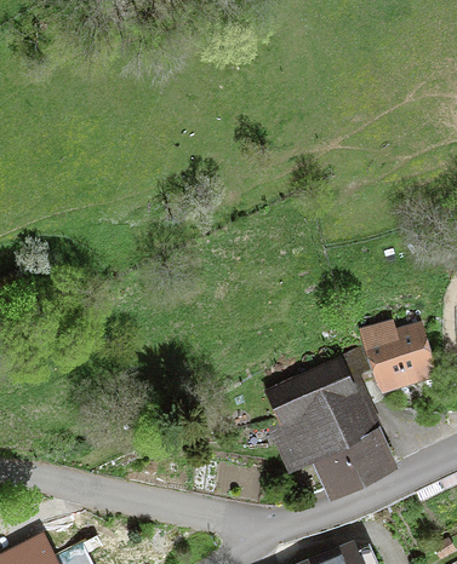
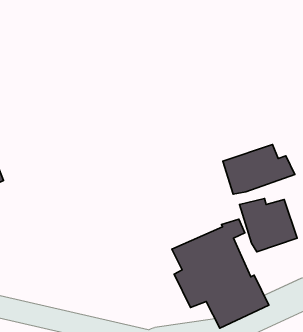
building: none -> [223,145,295,194]

